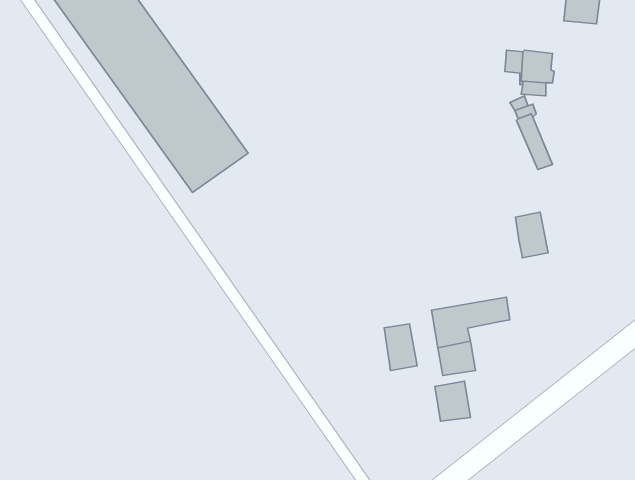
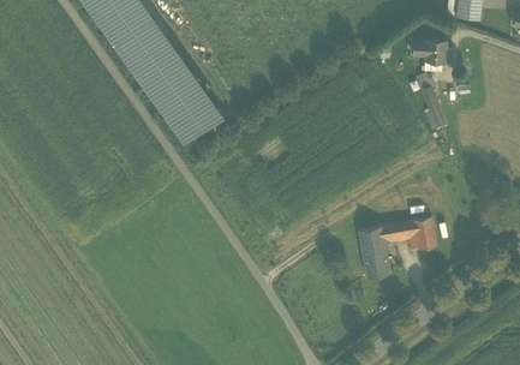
building: [516,212,548,258] -> [413,219,437,252]
building: [384,324,417,371] -> none
building: [435,381,471,421] -> none

